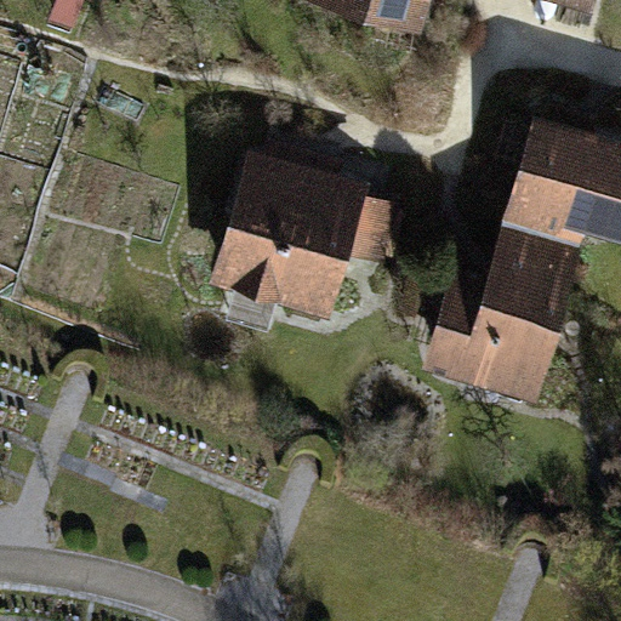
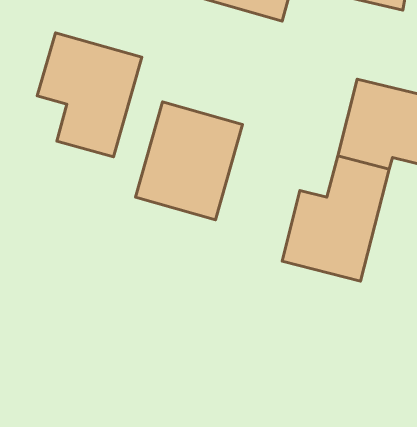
building: none -> [37,33,142,157]

